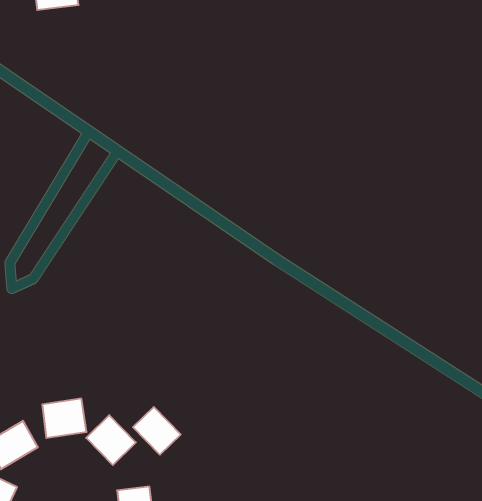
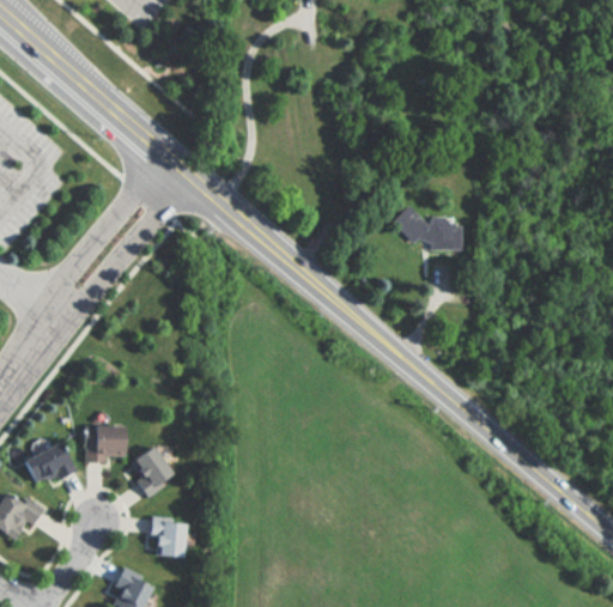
building: none -> [397,206,463,248]
building: [133,407,181,455] -> none

